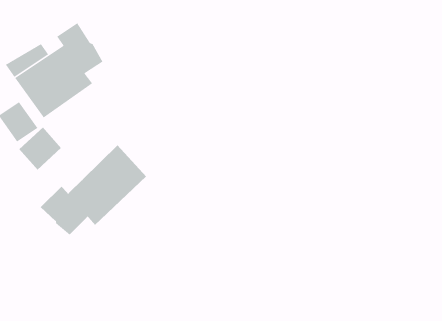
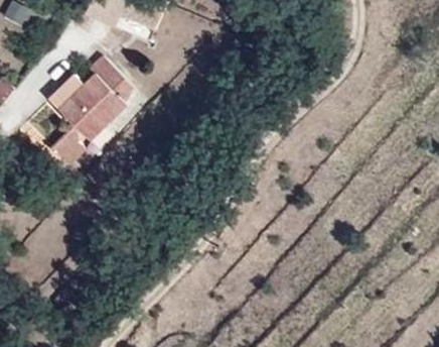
building: [40,145,147,235] -> none

